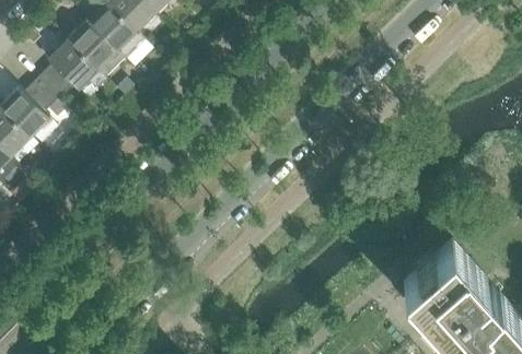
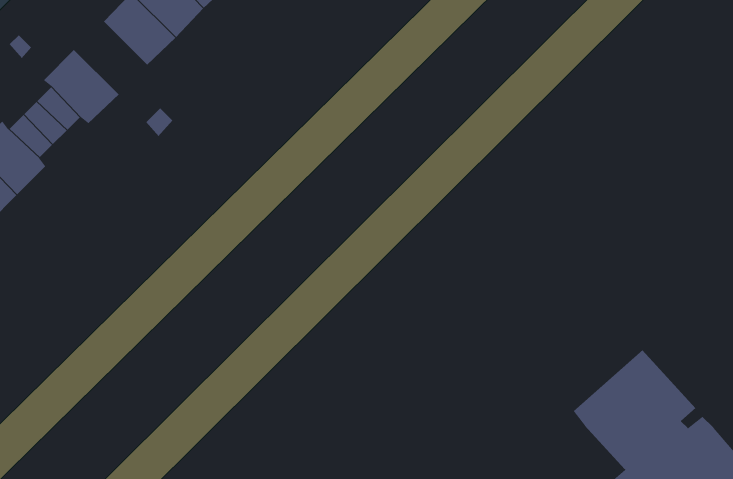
building: [67,22,116,71] -> none

